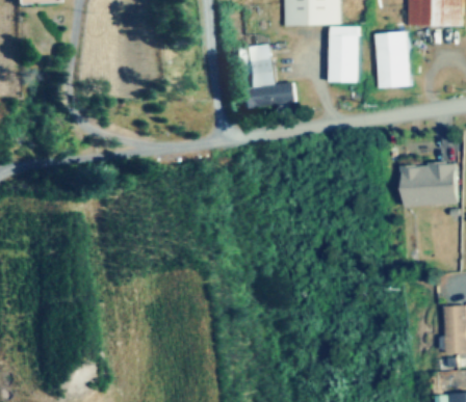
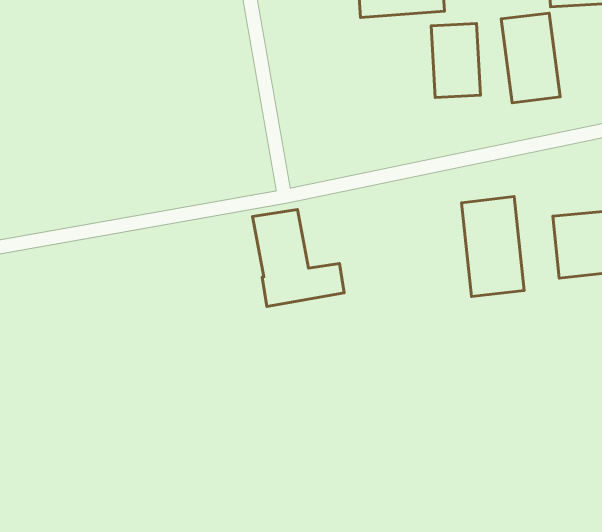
building: [238,45,296,108] -> [253,209,344,306]
building: none -> [462,197,524,296]

